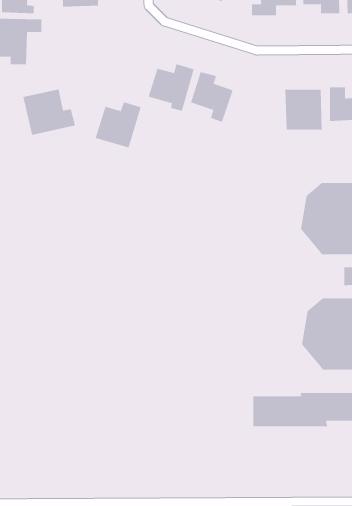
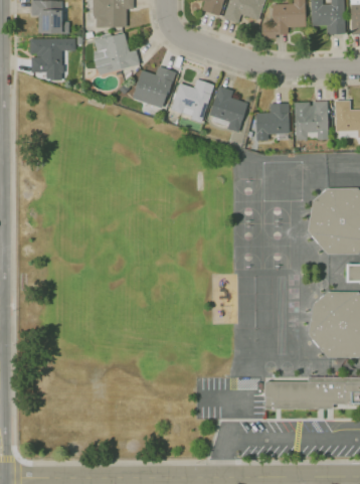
building: [23,89,76,136] -> [92,32,140,74]
building: none -> [255,104,290,141]
building: [95,102,141,148] -> [133,66,175,109]

